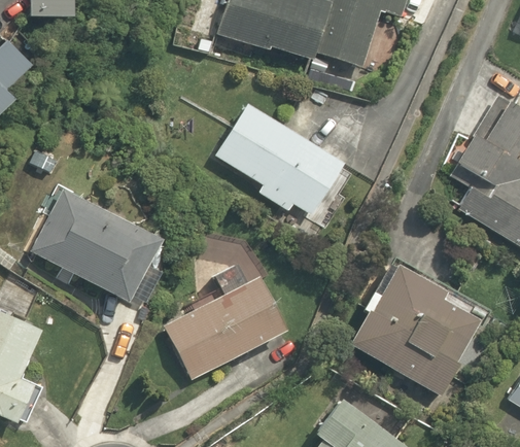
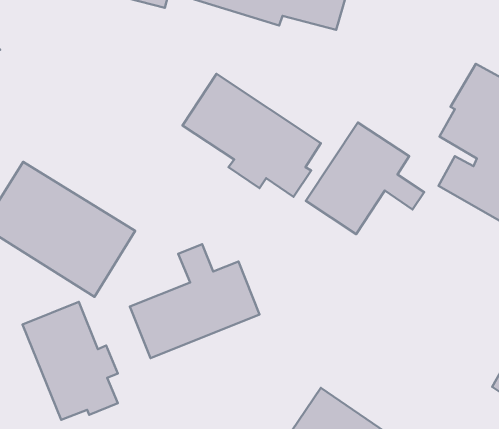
building: none -> [306,123,424,234]
building: [349,266,489,402] -> none
building: none -> [22,302,118,420]

